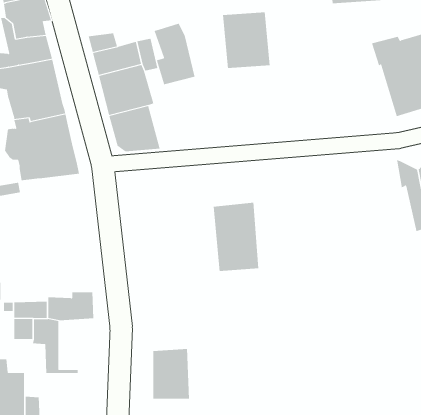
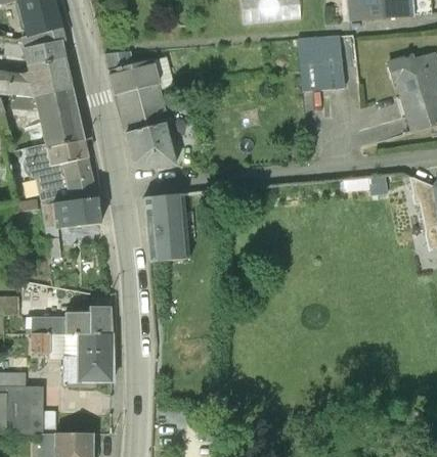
building: [222,12,271,69] -> [297,35,345,91]
building: [154,23,195,85] -> none
building: none -> [39,189,99,256]
building: [213,202,259,272] -> [144,192,190,261]
building: [153,349,190,399] -> [77,332,114,382]

